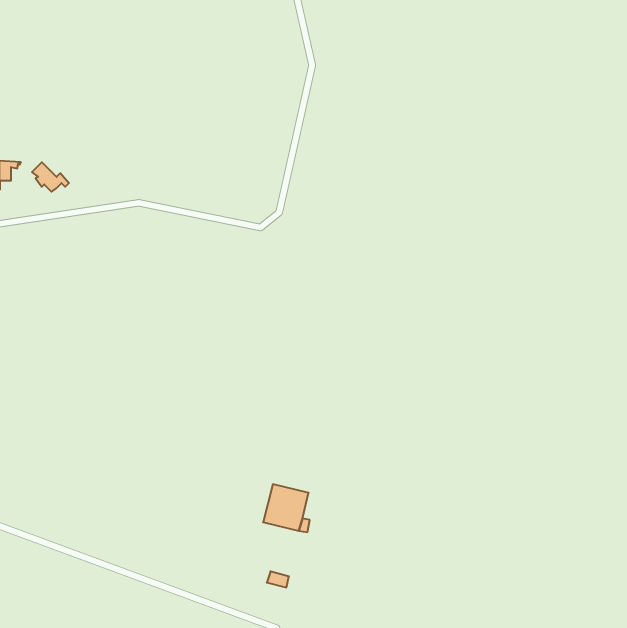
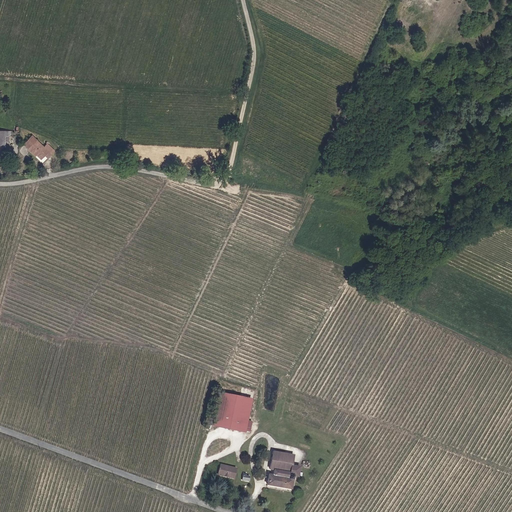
building: none -> [268,452,297,488]

